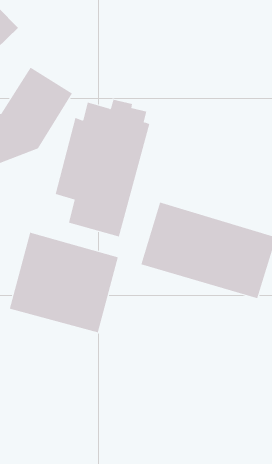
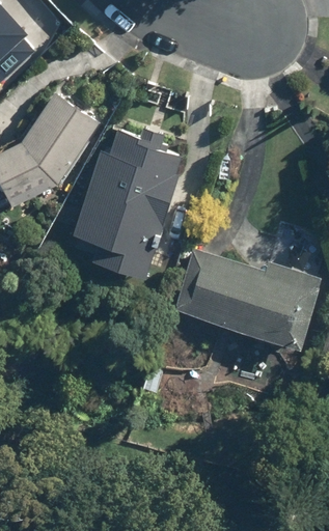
building: [9,232,118,333] -> none

